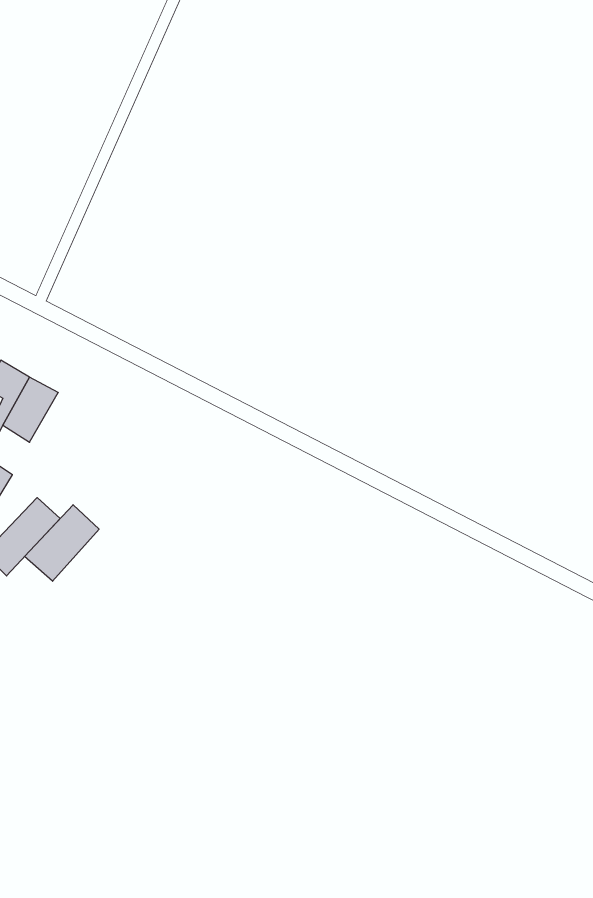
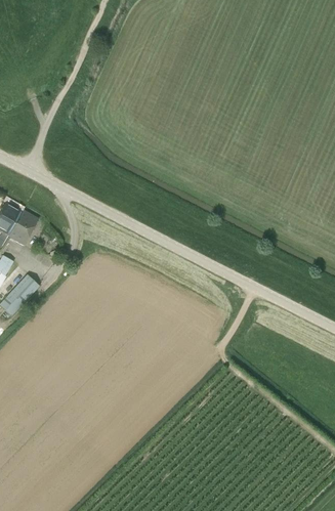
building: [25,505,99,581] -> none

